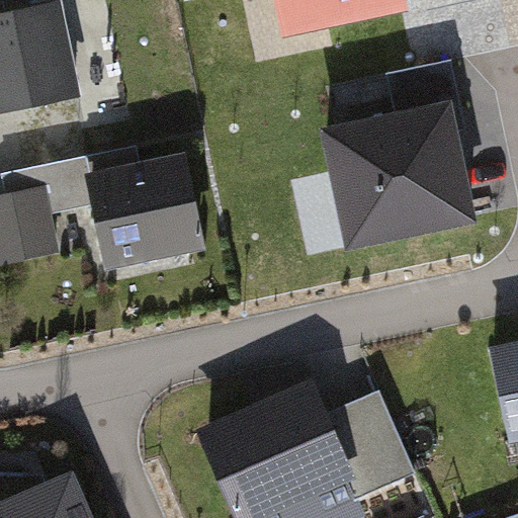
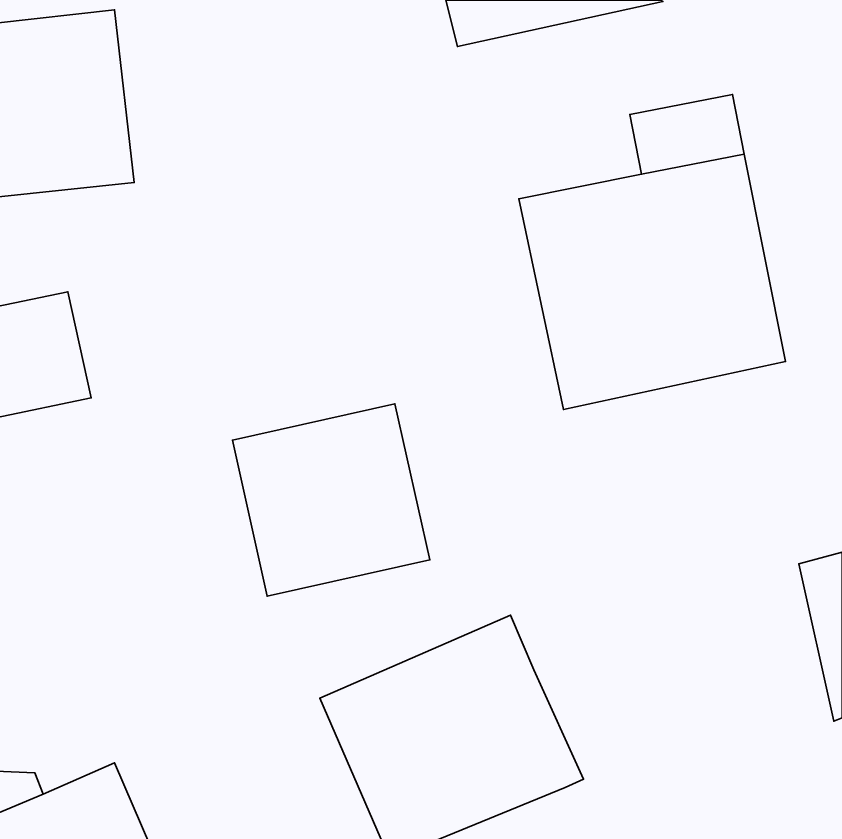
building: [81,149,201,266] -> [232,404,430,596]
building: [326,390,419,506] -> none

